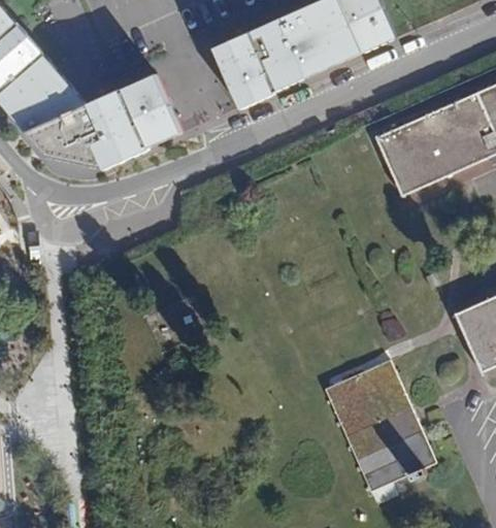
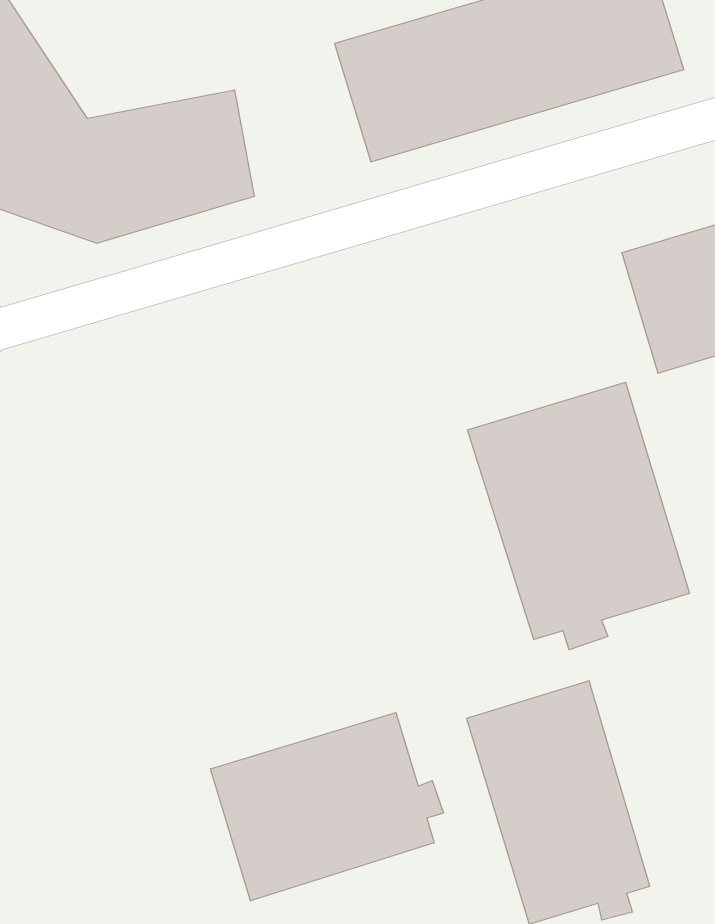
building: none -> [467,382,690,650]
building: none -> [210,712,444,901]

